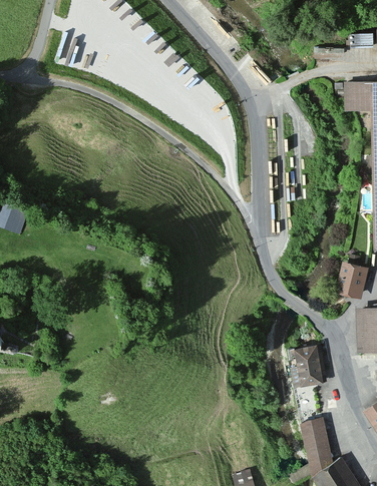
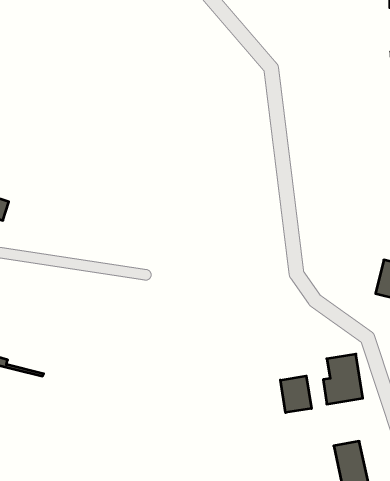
building: none -> [280,376,311,413]

